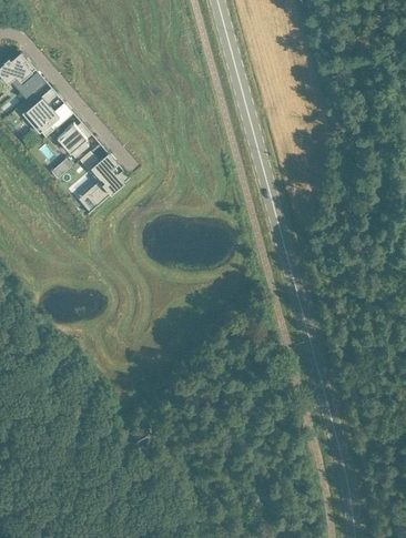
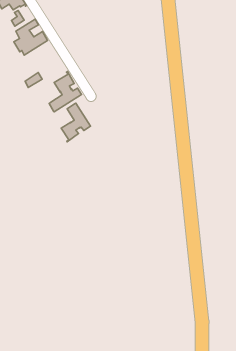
building: [55,122,91,159] -> none
building: none -> [61,103,90,142]

